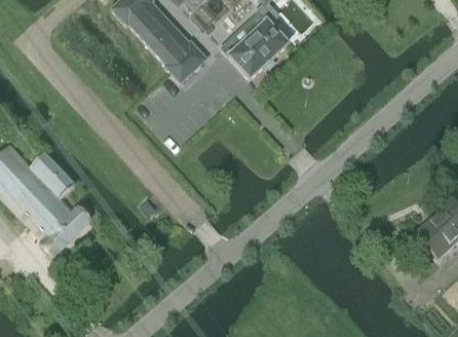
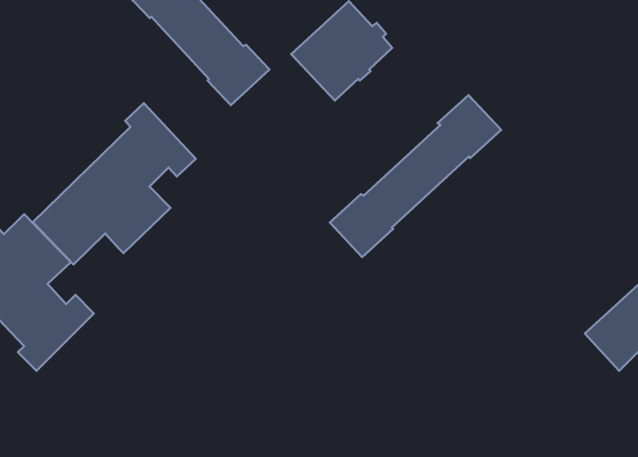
building: none -> [330,95,501,257]
building: none -> [33,103,196,265]

